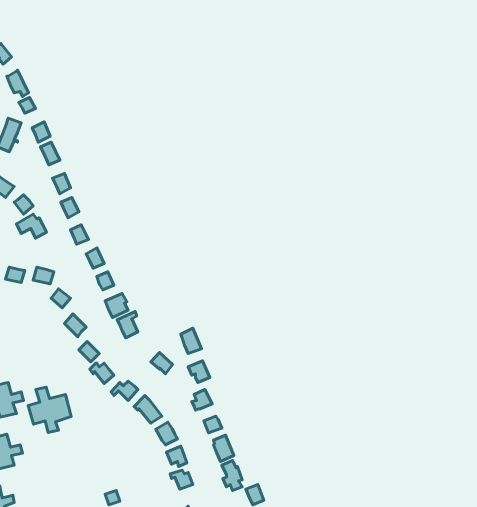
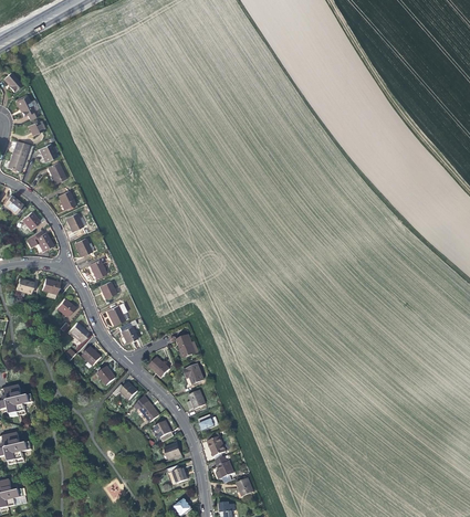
building: [28,387,71,433] -> none

